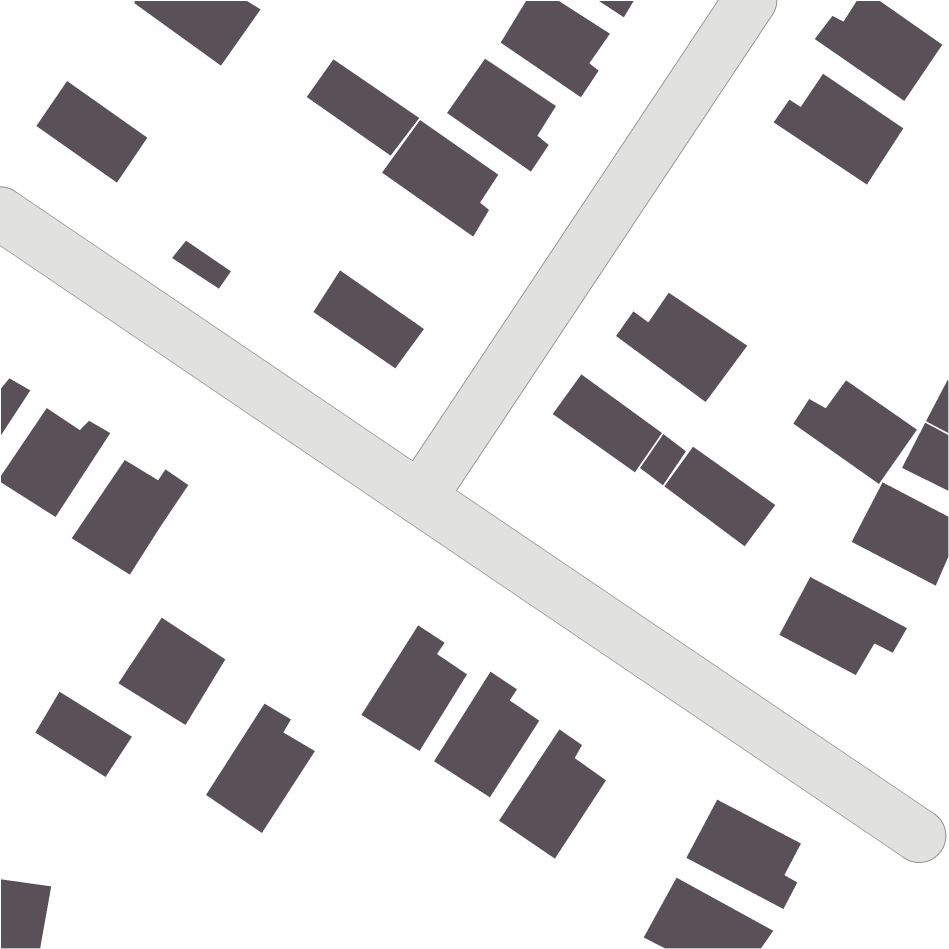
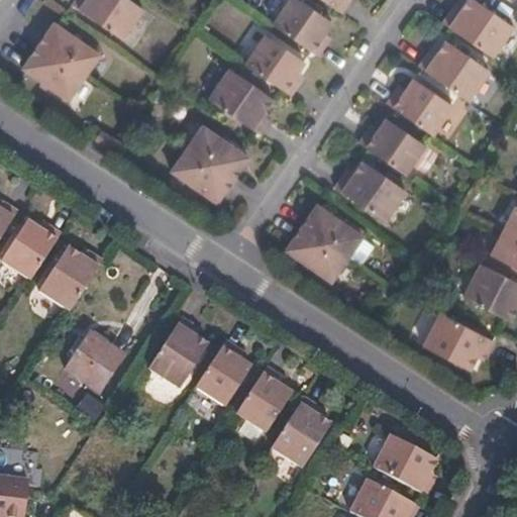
building: none -> [36,24,95,75]
building: [305,58,421,157] -> [185,125,247,179]
building: none -> [387,78,454,135]
building: [792,379,918,485] -> [358,117,427,175]
building: [663,446,776,548] -> [284,225,345,281]
building: [34,691,133,778] -> none
building: [205,702,316,834] -> [150,319,211,391]

